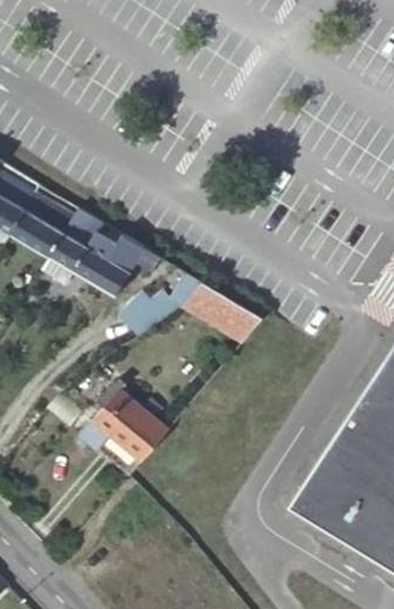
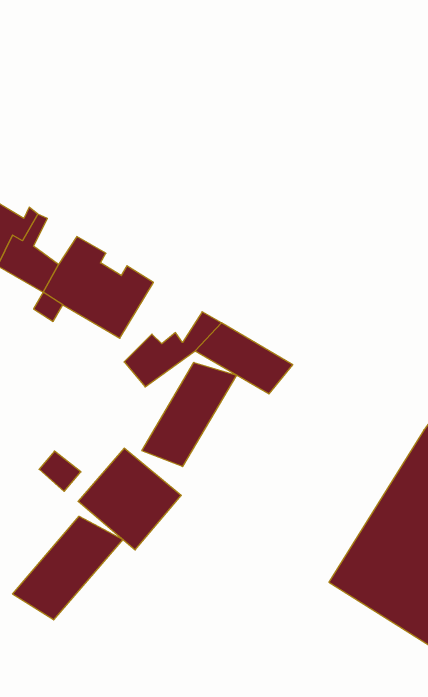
building: none -> [142,362,237,467]
building: none -> [13,516,123,620]

